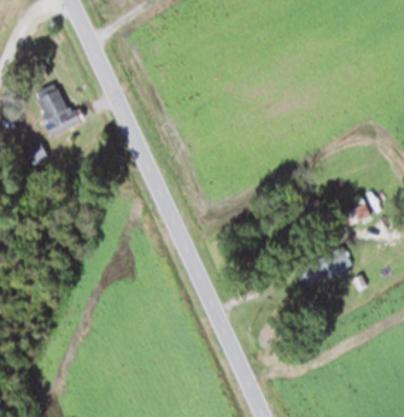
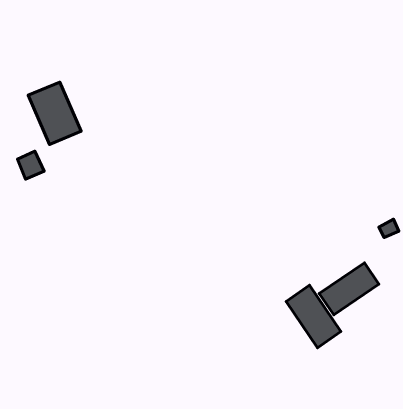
building: none -> [286,285,341,348]

